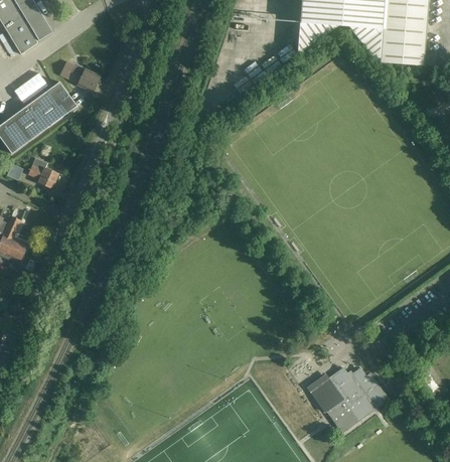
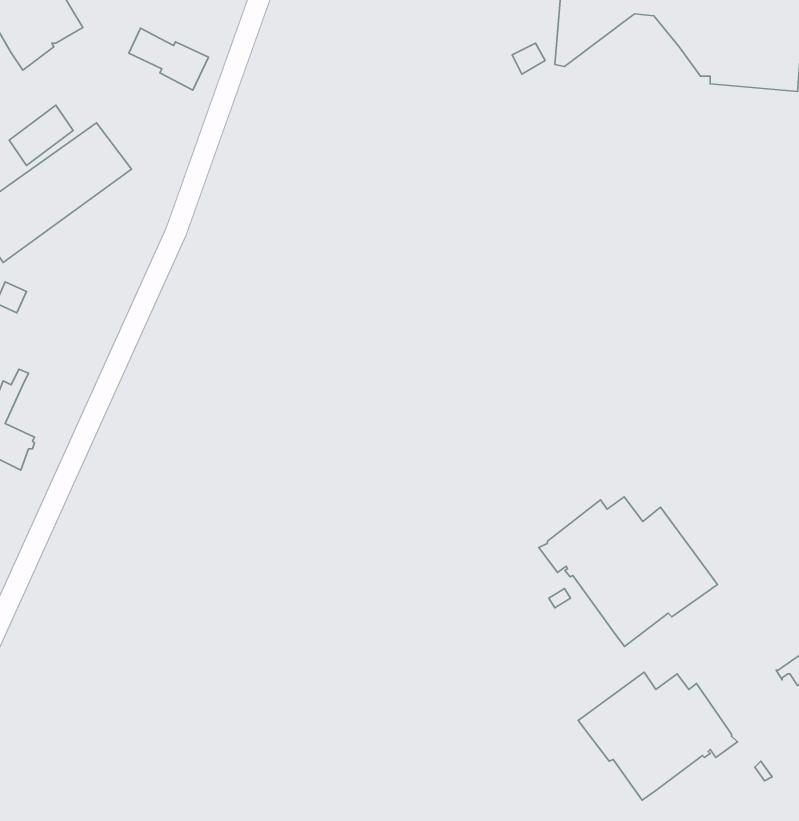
building: [59,60,101,93] -> [129,28,208,90]
building: [28,158,58,188] -> none
building: none -> [539,497,717,646]

